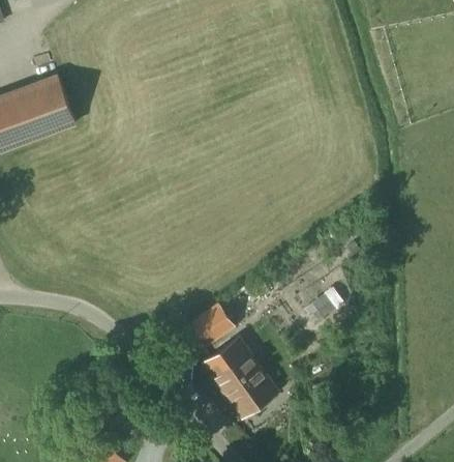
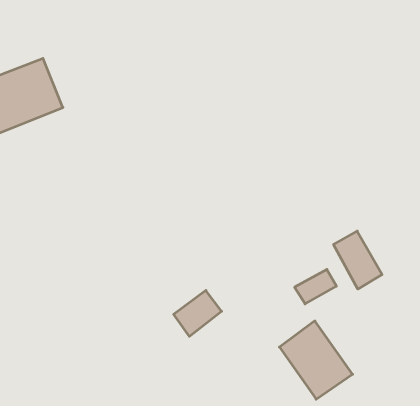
building: none -> [334,231,382,289]
building: [206,336,278,413] -> [279,321,353,399]

